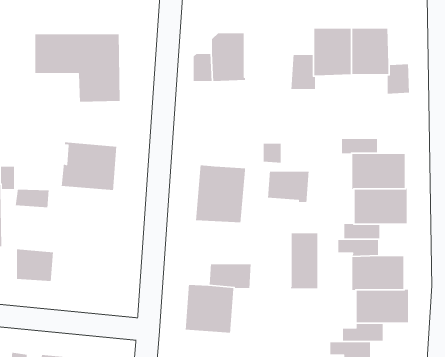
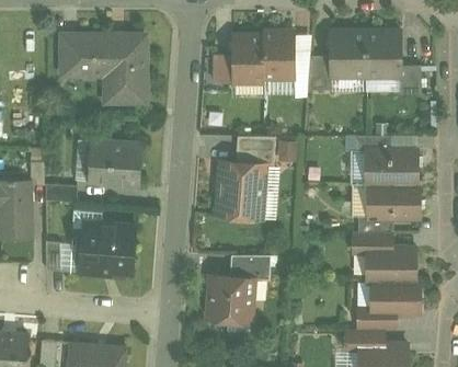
building: none -> [262,31,294,78]
building: [267,171,310,203] -> [234,136,275,167]
building: none -> [79,222,135,275]
building: [290,232,318,289] -> none

